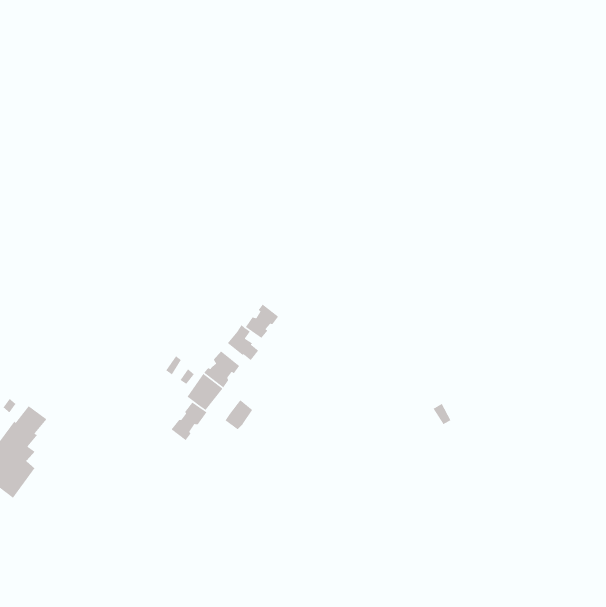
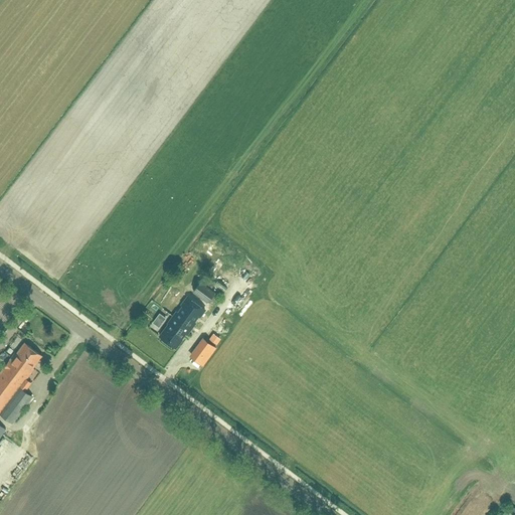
building: [245,304,279,339] -> none
building: [170,402,207,441] -> none

